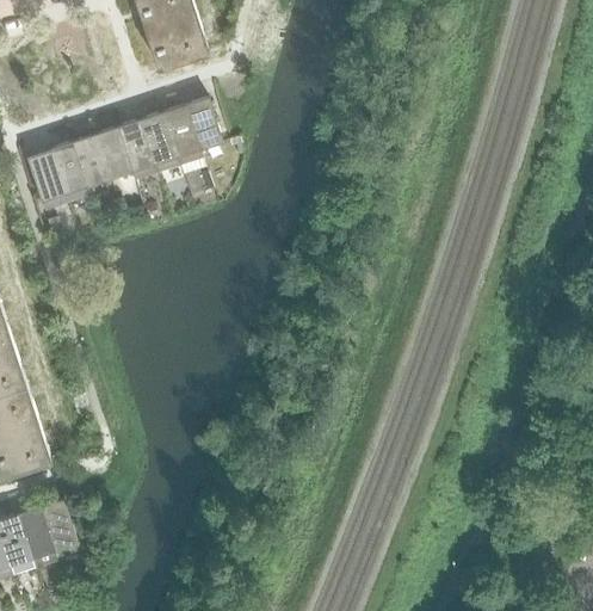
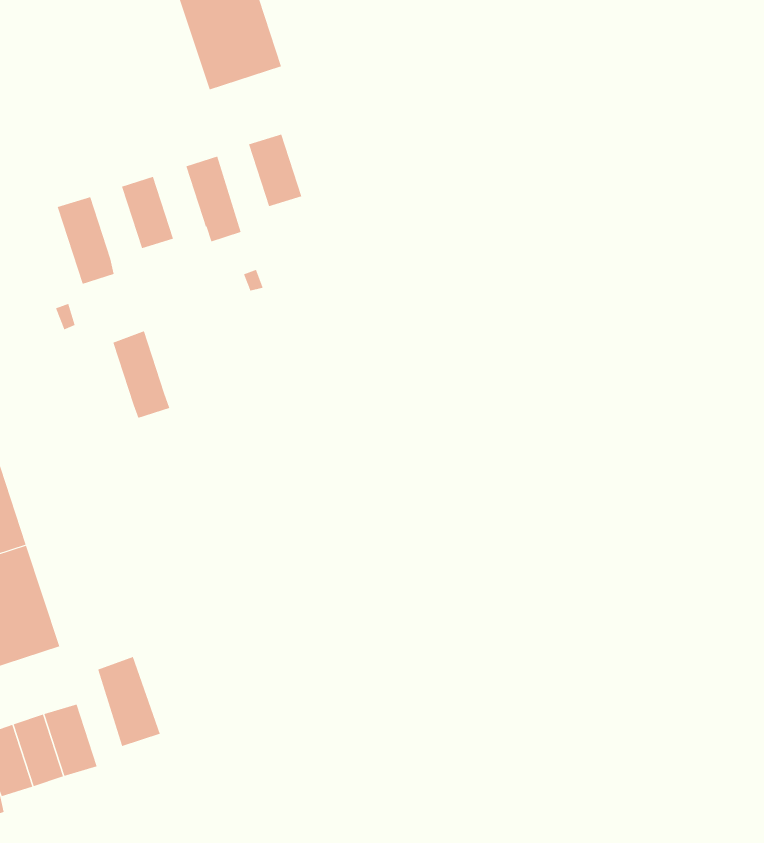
building: [160,105,199,168] -> none
building: [115,121,155,181] -> none
building: [70,135,106,186] -> none
building: [24,149,64,211] -> [112,331,170,418]
building: none -> [97,656,160,747]

